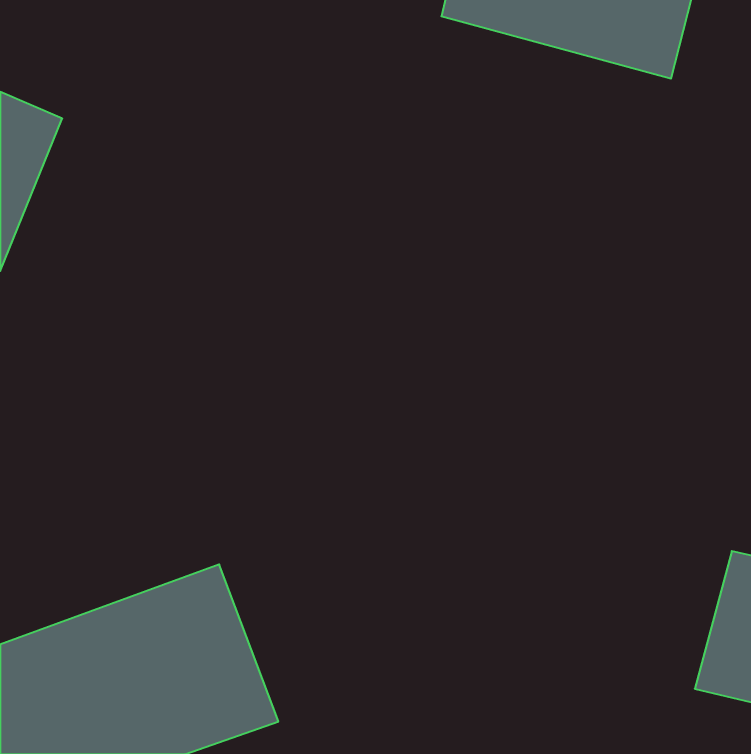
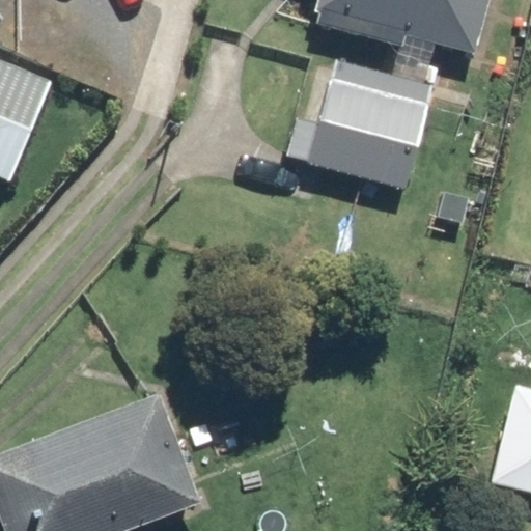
building: none -> [308,64,431,190]

